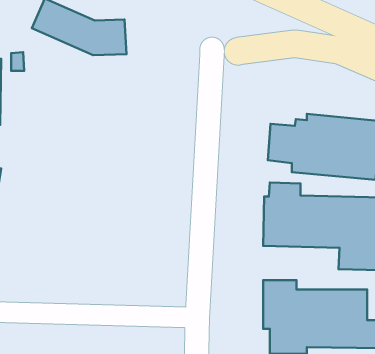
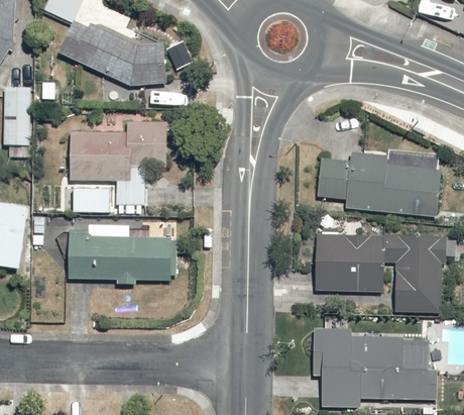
building: none -> [72,121,164,213]
building: none -> [69,222,173,284]

